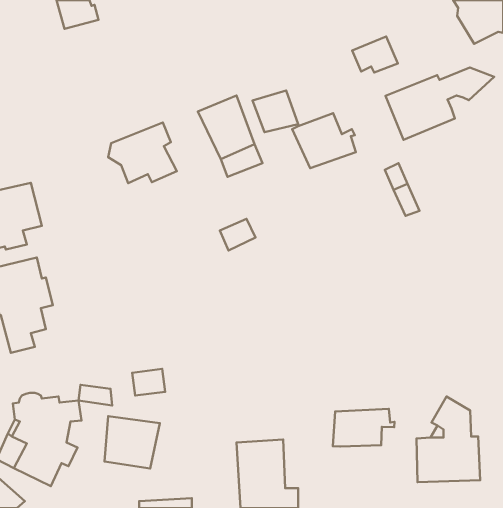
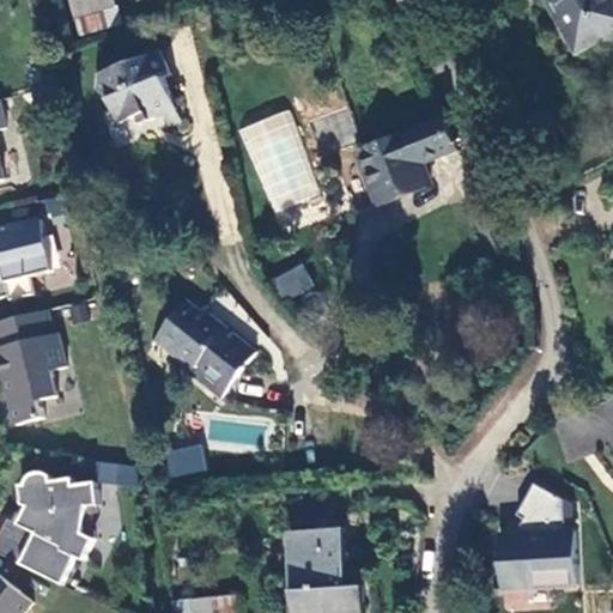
building: [352,37,398,72] -> [401,120,456,163]
building: [385,67,494,140] -> none
building: [108,122,177,183] -> [95,51,177,125]
building: none -> [156,297,257,399]
building: [333,409,395,446] -> none
building: [104,416,160,469] -> none

